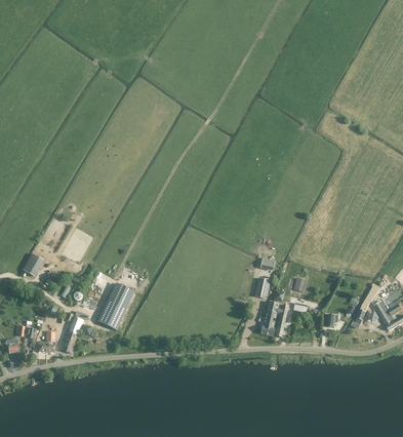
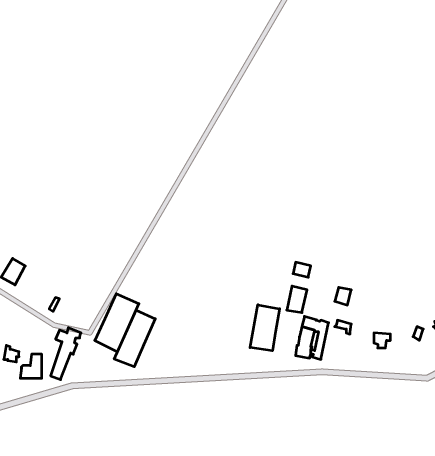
building: none -> [250,305,280,351]
building: none -> [114,310,155,367]

